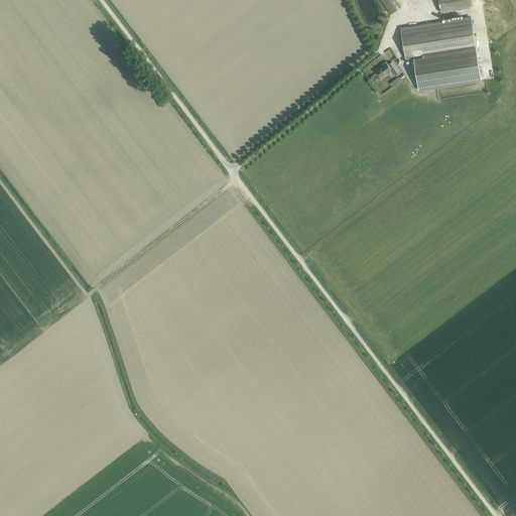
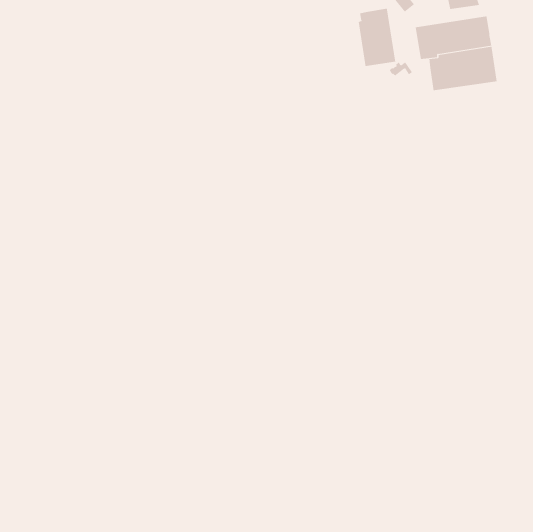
building: none -> [358,8,396,67]

